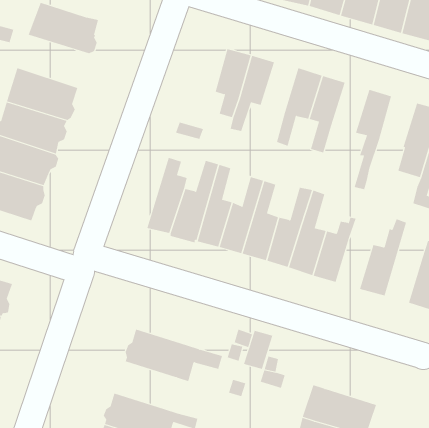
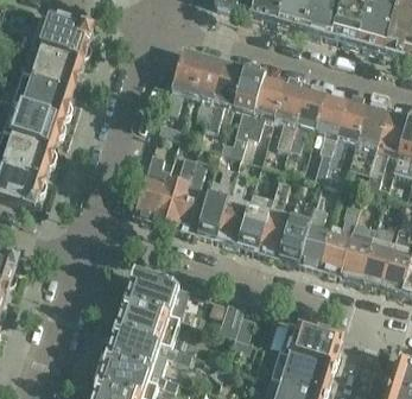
building: none -> [21,44,84,90]
building: none -> [165,50,204,113]
building: none -> [222,68,266,154]
building: none -> [289,86,328,150]
building: none -> [329,97,369,164]
building: none -> [299,204,331,266]
building: none -> [342,204,374,278]
building: none -> [125,273,190,318]
building: none -> [279,322,342,367]
building: none -> [106,329,192,374]

